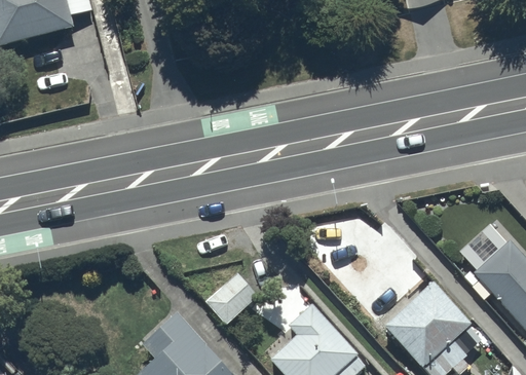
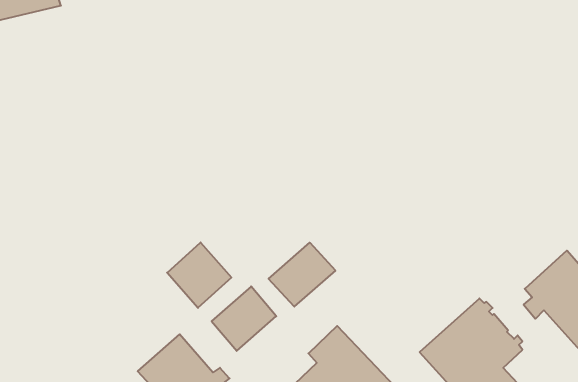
building: none -> [167,242,231,308]
building: none -> [269,243,335,307]

